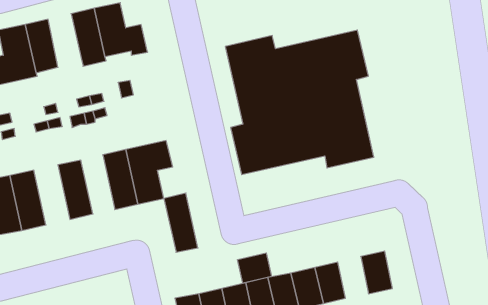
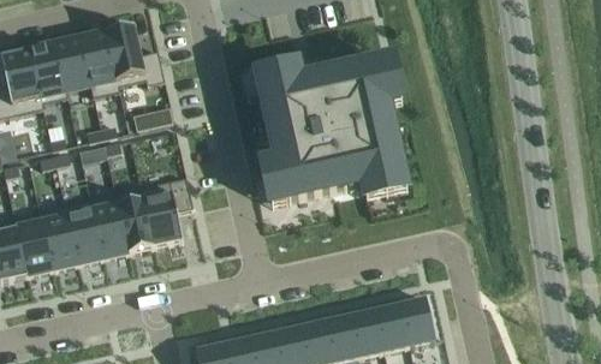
building: none -> [55,36,91,89]
building: none -> [40,202,79,268]
building: [164,193,198,252] -> [91,191,129,256]
building: [238,253,271,283] -> none
building: none -> [374,303,407,348]

